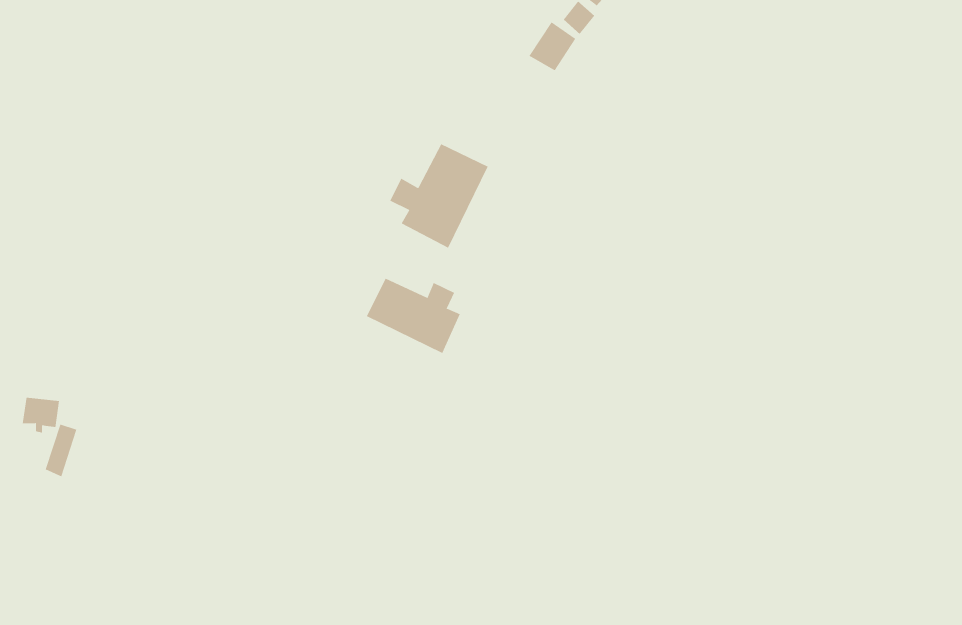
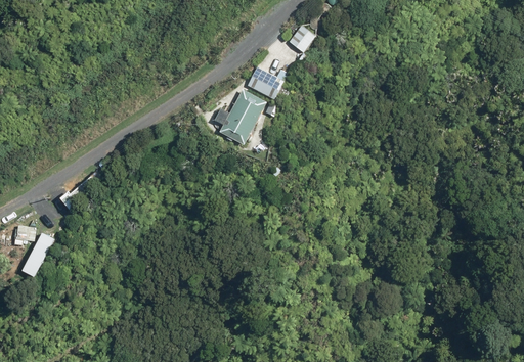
building: none -> [247,65,287,98]
building: [366,278,461,354] -> none

